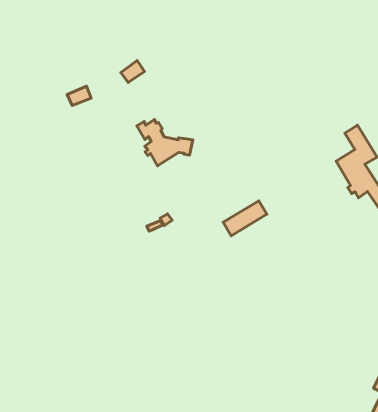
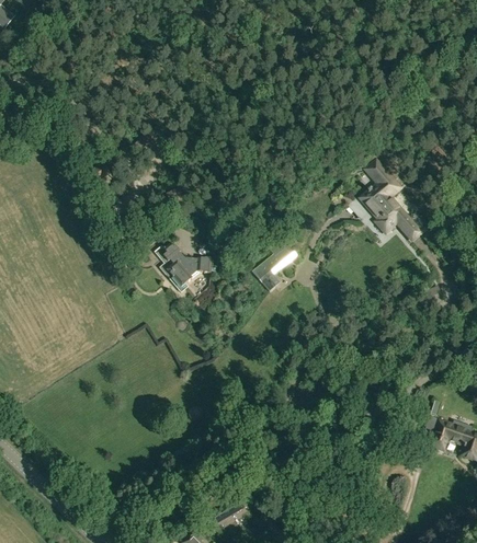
building: [137,120,193,166] -> [155,242,212,287]

